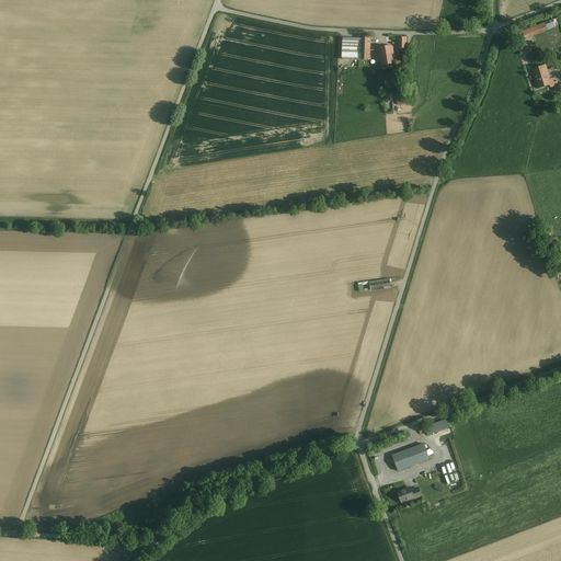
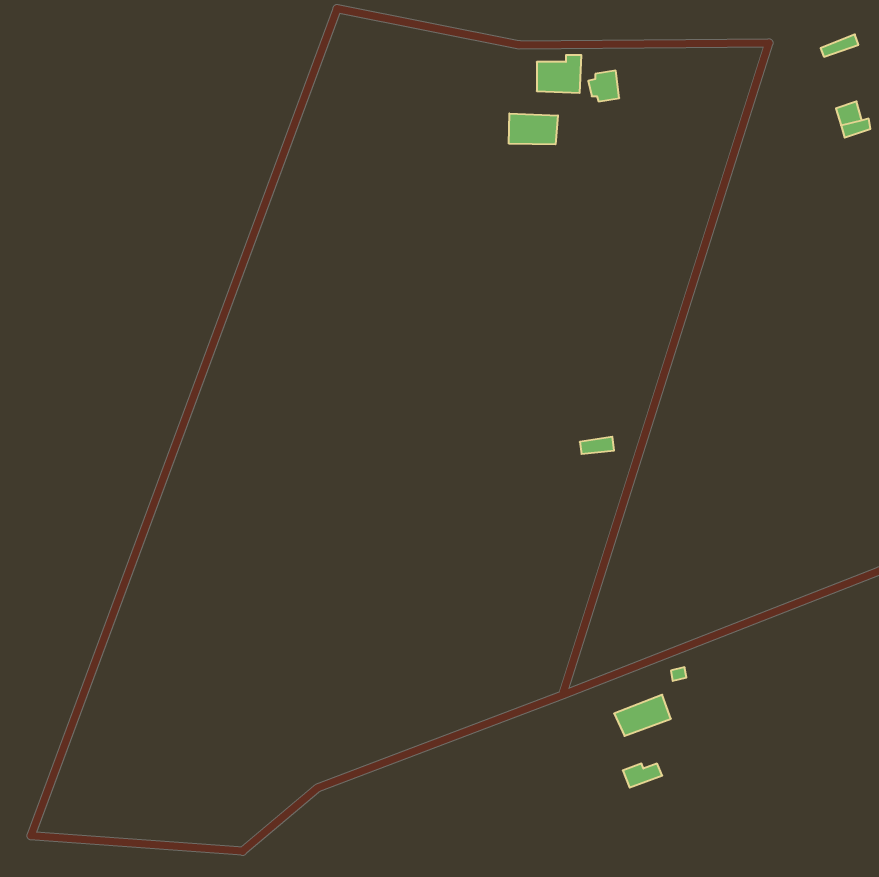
building: none -> [509,113,558,144]

